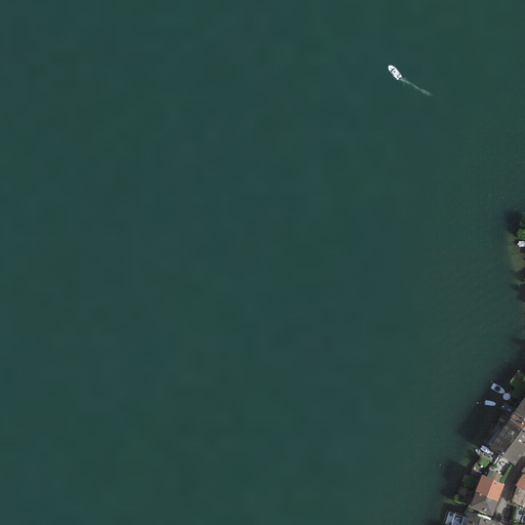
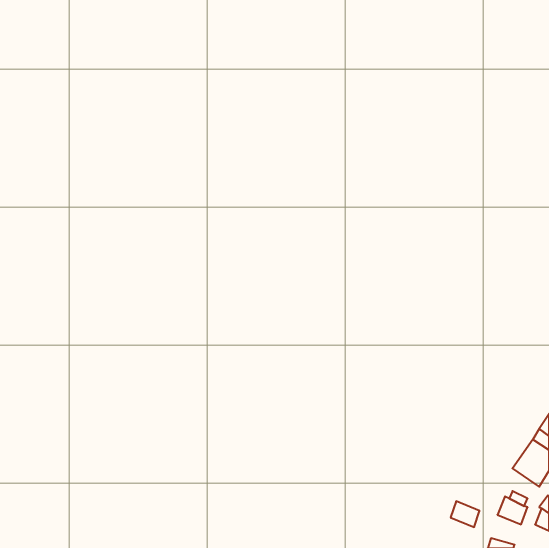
building: [470,491,497,516] -> [451,501,480,527]

